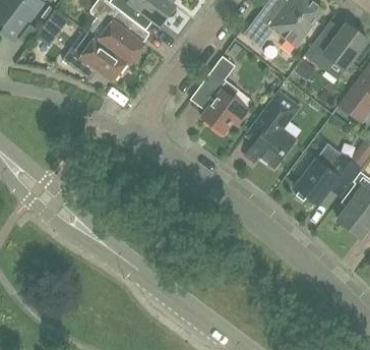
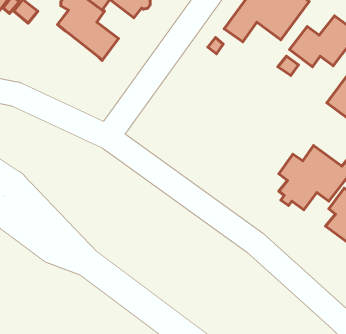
building: [62,38,126,81] -> none
building: [200,56,248,133] -> none
building: [244,91,298,167] -> none

